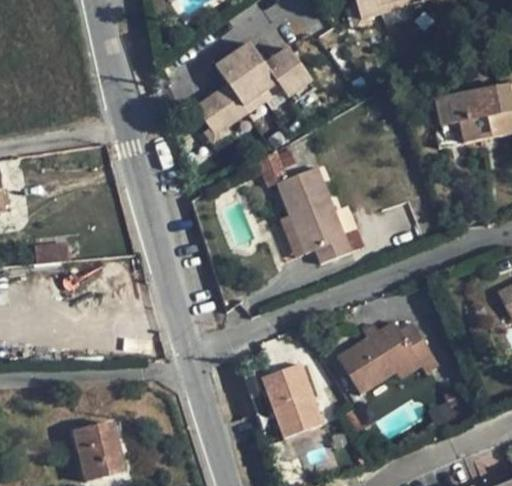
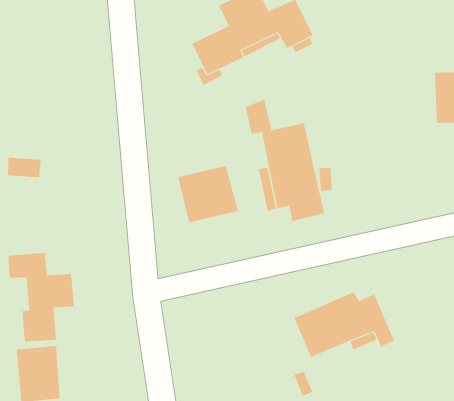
building: none -> [178,165,239,223]
building: none -> [8,252,75,343]
building: [260,362,323,440] -> none

